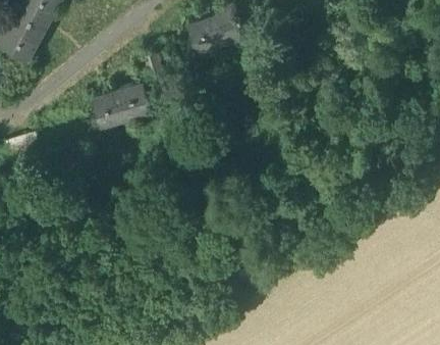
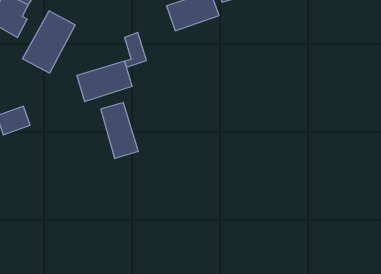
building: none -> [23,11,75,73]
building: none -> [101,102,138,159]

